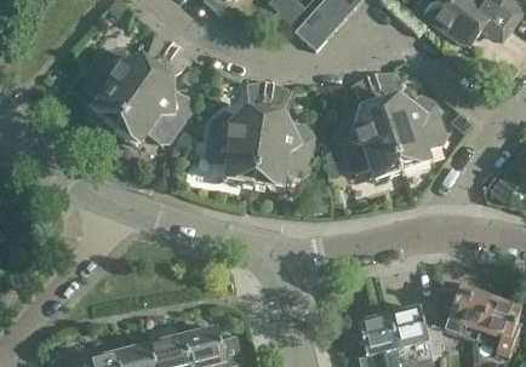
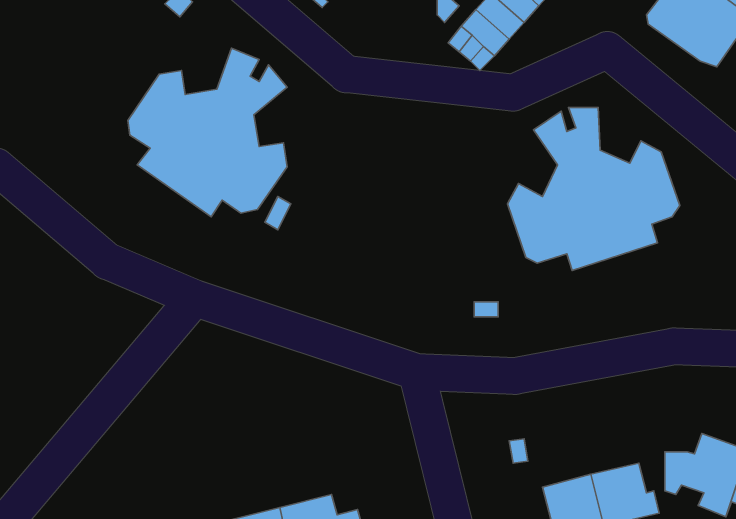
building: [206,82,313,188] -> none

